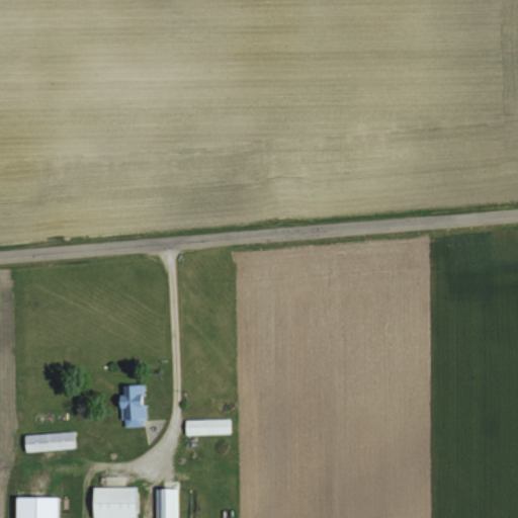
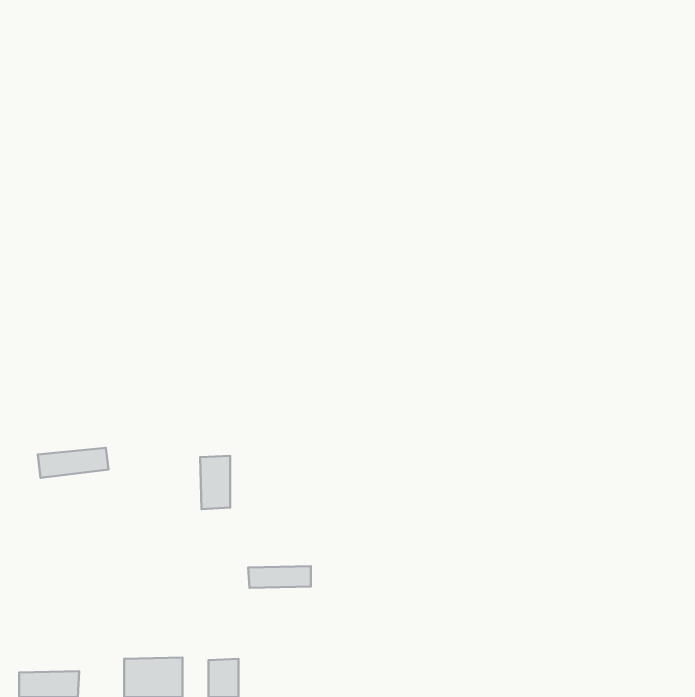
building: [122,385,145,425] -> [200,456,230,509]
building: [24,432,77,454] -> [38,448,109,478]

